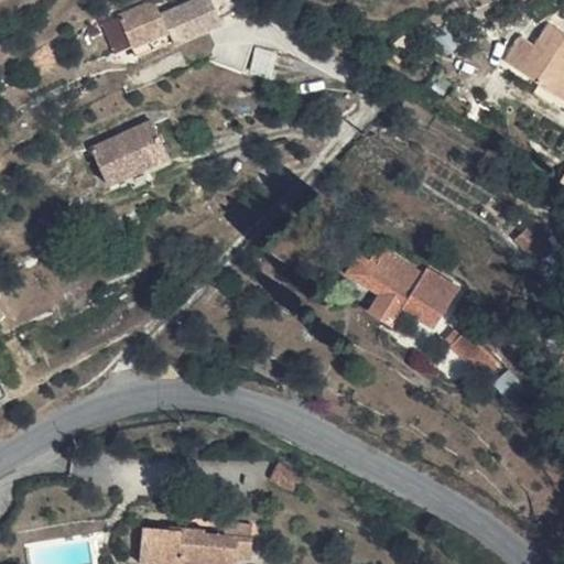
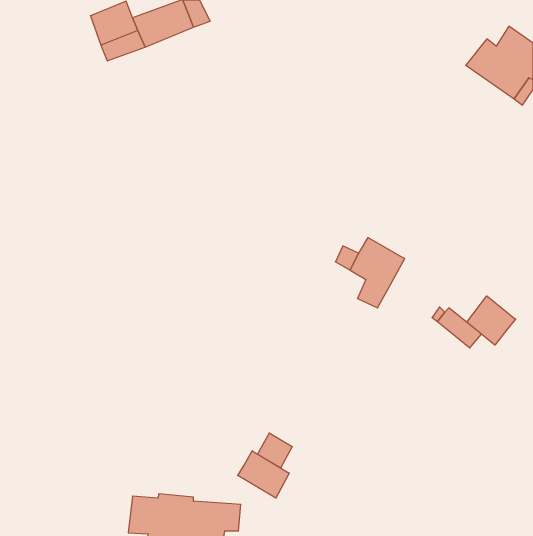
building: [94,122,167,181] -> none
building: [405,267,457,323] -> none
building: none -> [467,296,516,345]
building: none -> [238,451,289,498]

